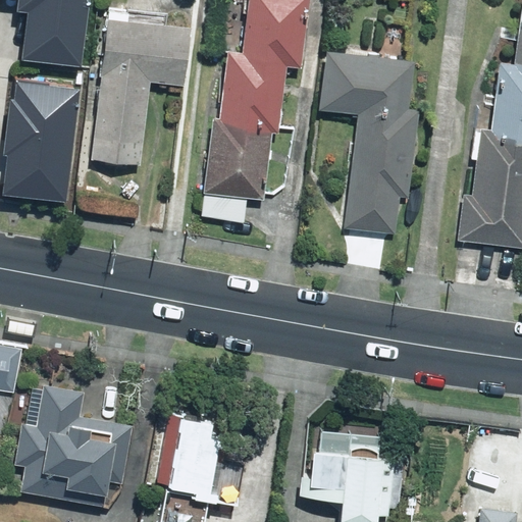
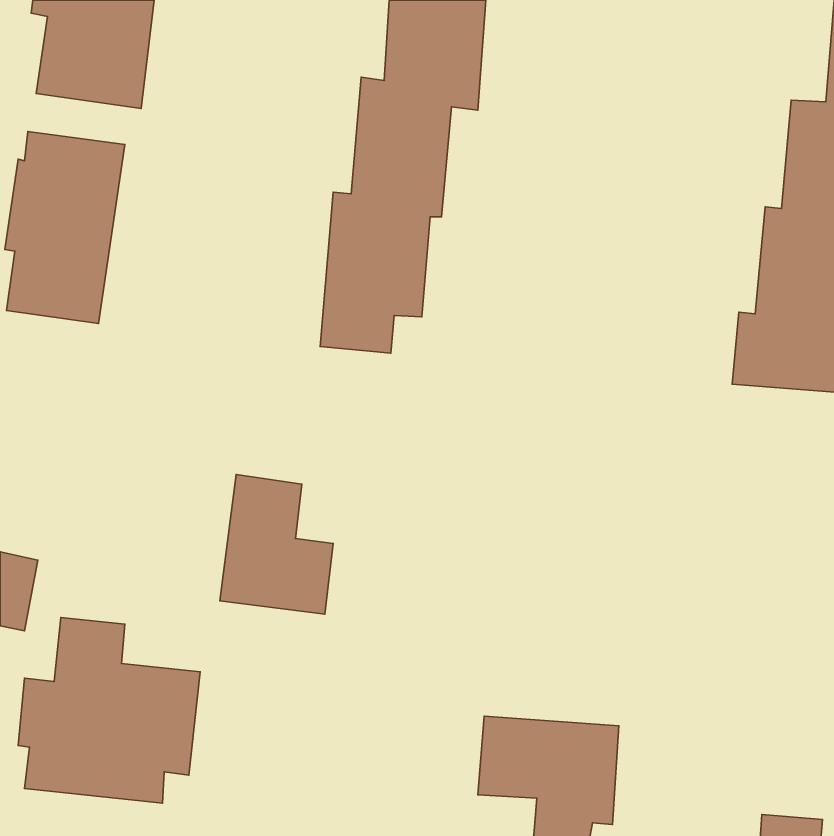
building: [94,8,186,165] -> none
building: [320,52,418,232] -> none
building: [164,416,234,503] -> [220,474,333,614]

